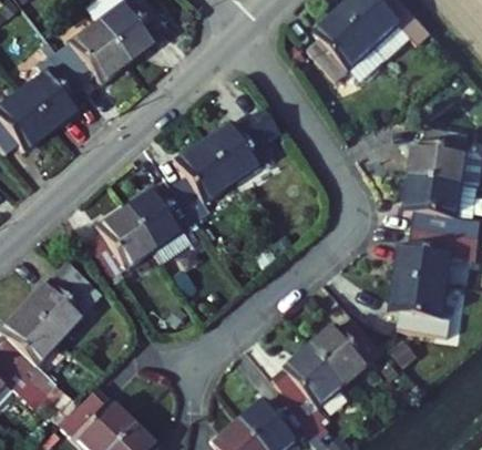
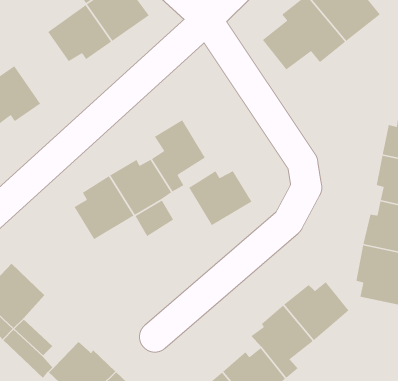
building: [21,48,80,126] -> none
building: [204,124,274,185] -> [188,170,252,226]
building: [18,260,98,335] -> none

